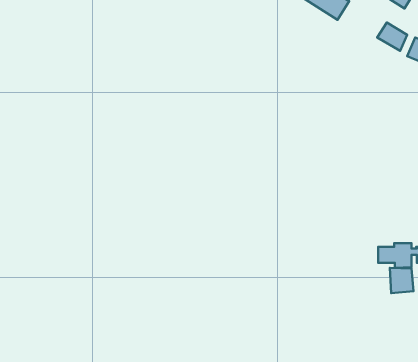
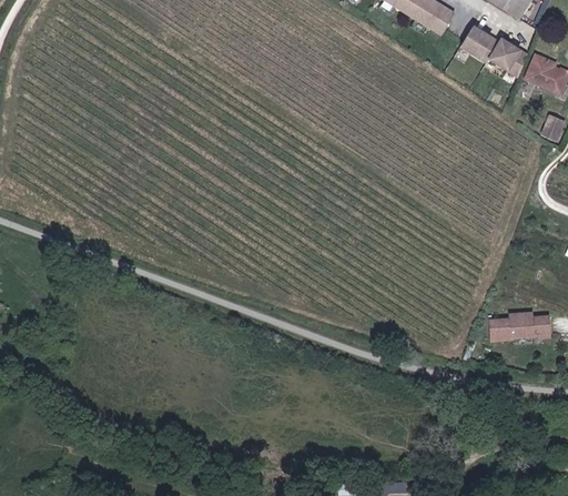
building: none -> [460,24,499,60]
building: [390,268,413,293] -> none

